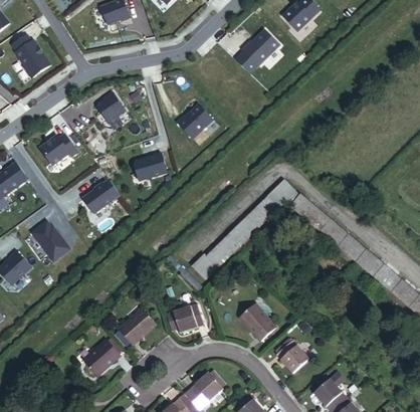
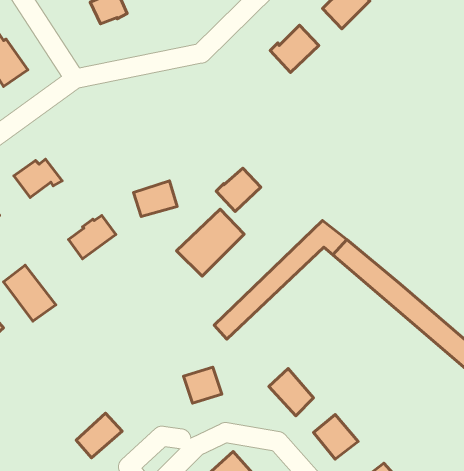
building: [94,91,124,122] -> none
building: [181,105,216,139] -> [216,168,261,212]
building: none -> [176,209,244,276]
building: [124,301,159,338] -> none

